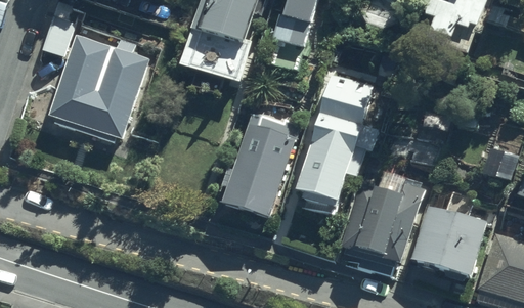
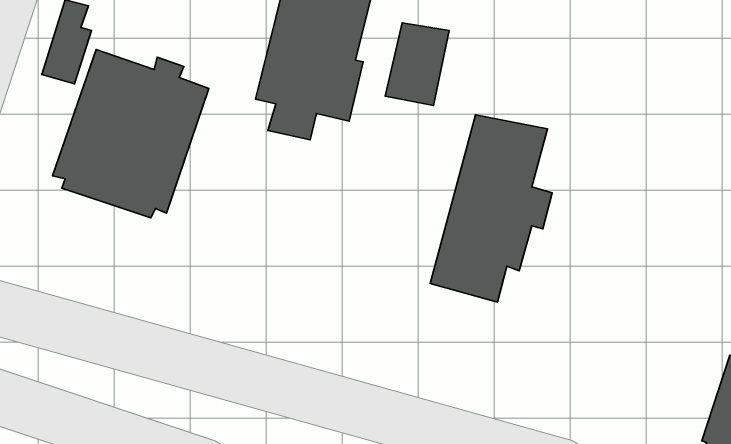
building: [222,114,298,215] -> none
building: [338,169,423,265] -> none
building: [410,207,486,275] -> none

